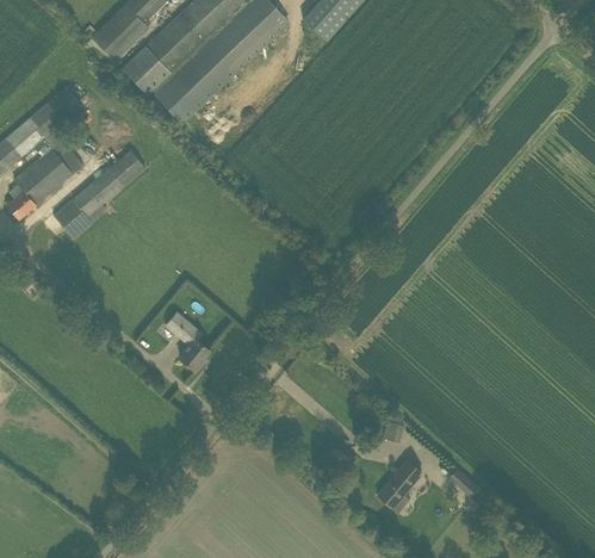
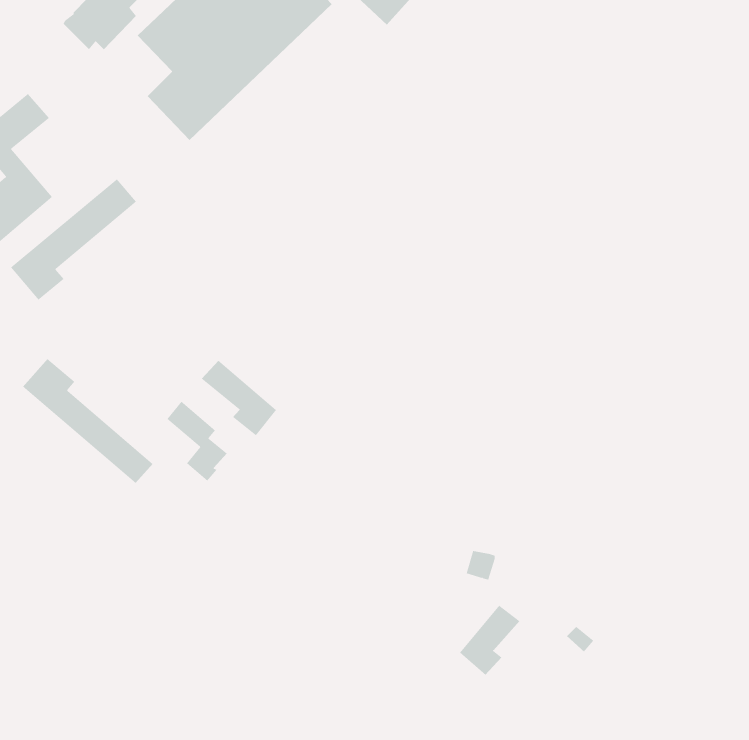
building: [123,46,169,94] -> none
building: none -> [22,358,153,484]
building: none -> [201,360,277,436]

